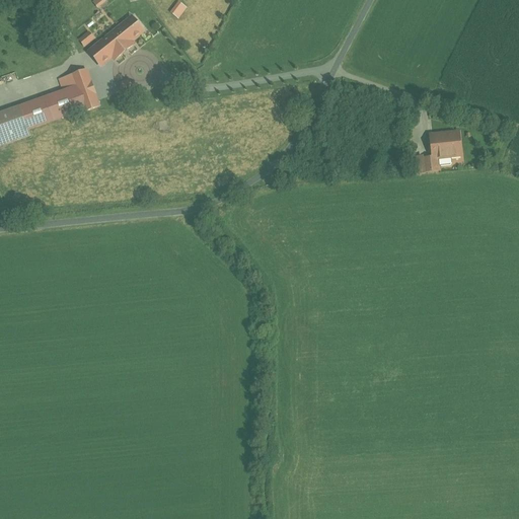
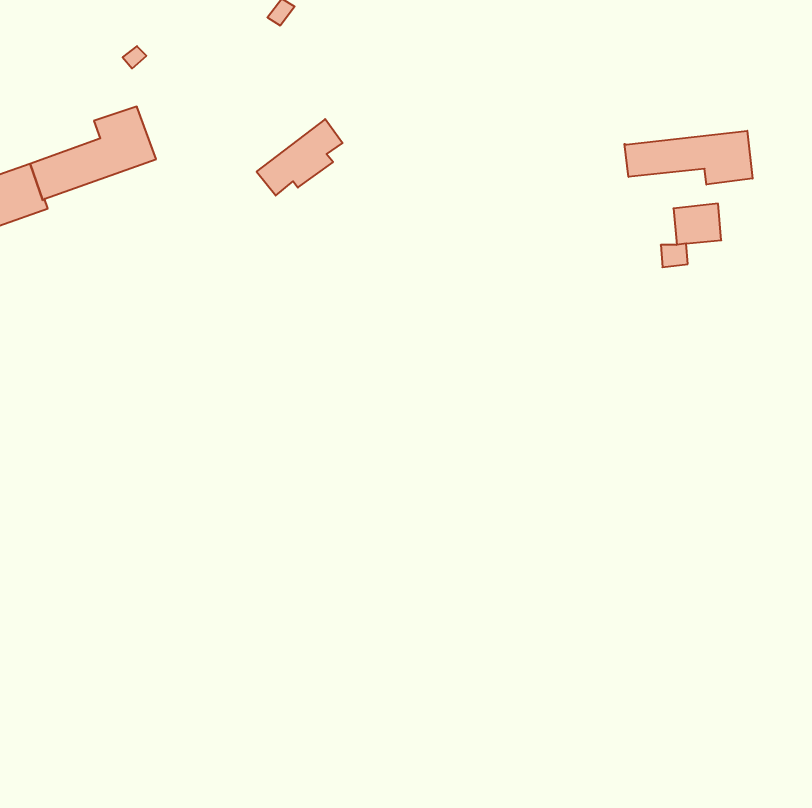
building: [87,14,142,63] -> [257,119,343,196]
building: none -> [624,131,753,185]

